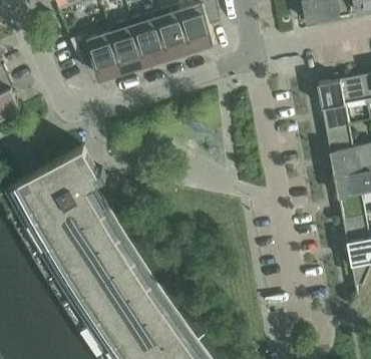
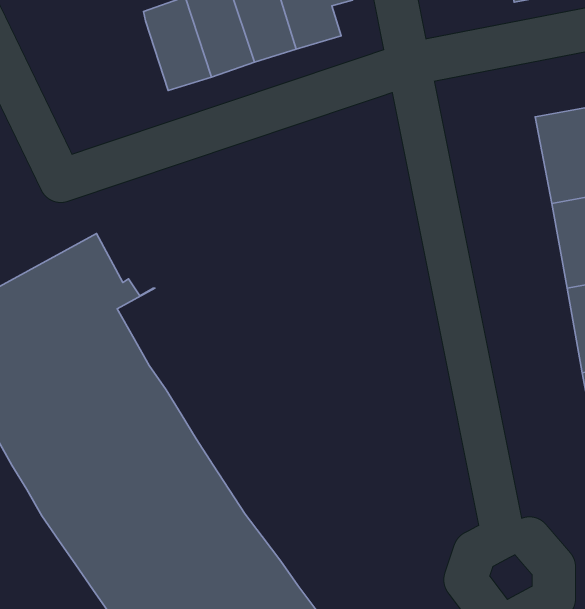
building: [69,32,121,76] -> none

